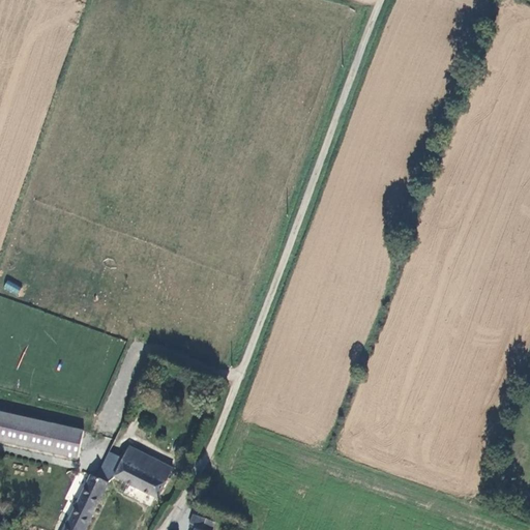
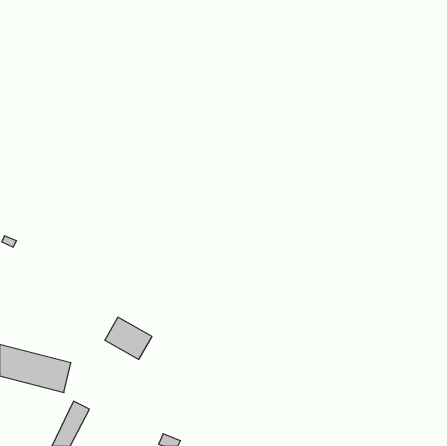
building: [112,444,168,494] -> [105,317,152,359]

